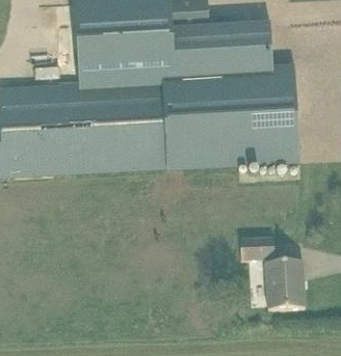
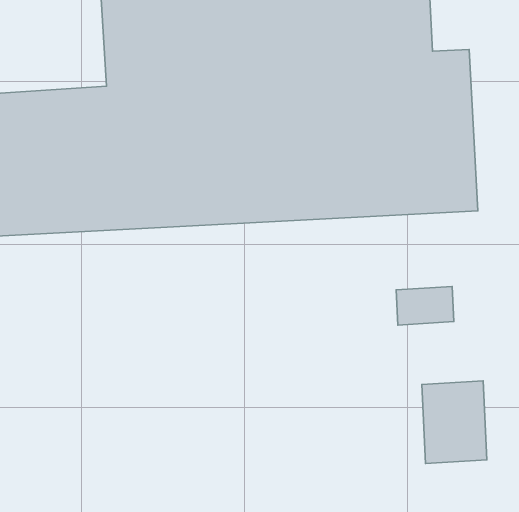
building: [238,236,272,258] -> [396,286,454,325]

